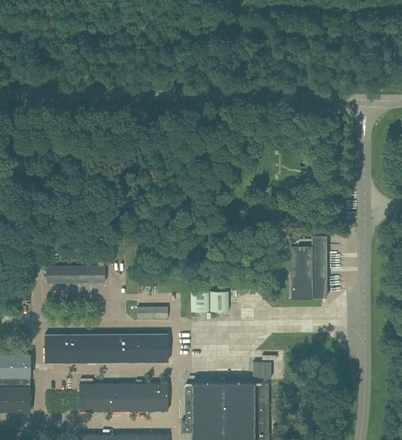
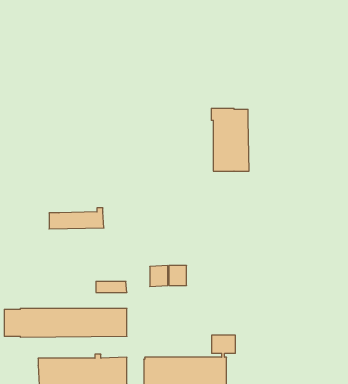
building: [289,235,327,298] -> [211,108,249,171]
building: [50,263,105,284] -> [49,208,104,229]

